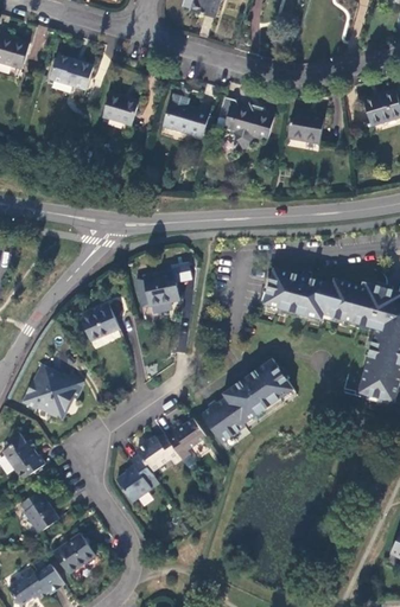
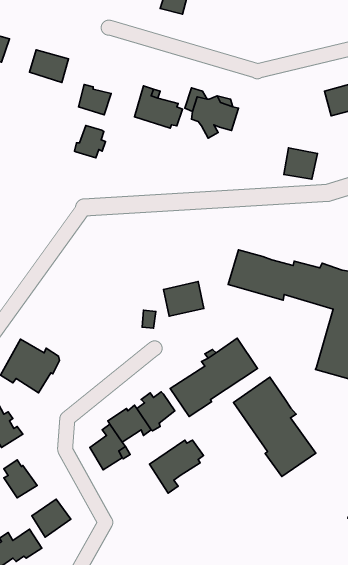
building: [288,109,324,142] -> [284,148,317,179]
building: none -> [75,126,106,158]
building: [136,271,179,308] -> [164,282,204,316]
building: [81,304,120,340] -> none
building: none -> [233,377,316,477]
building: none -> [150,440,203,493]

